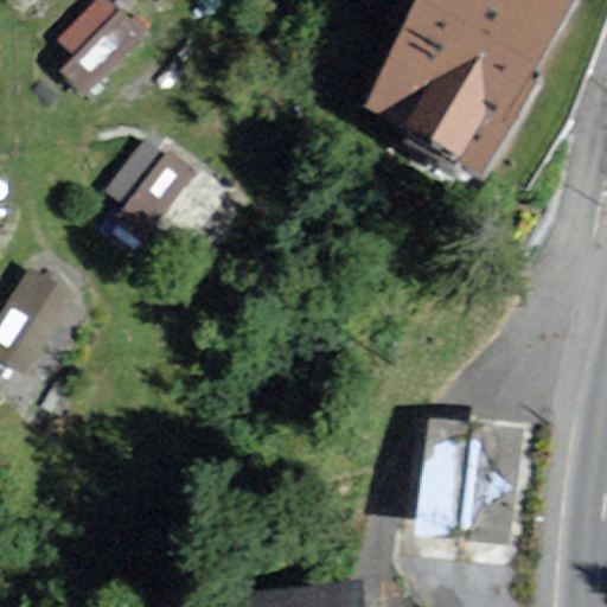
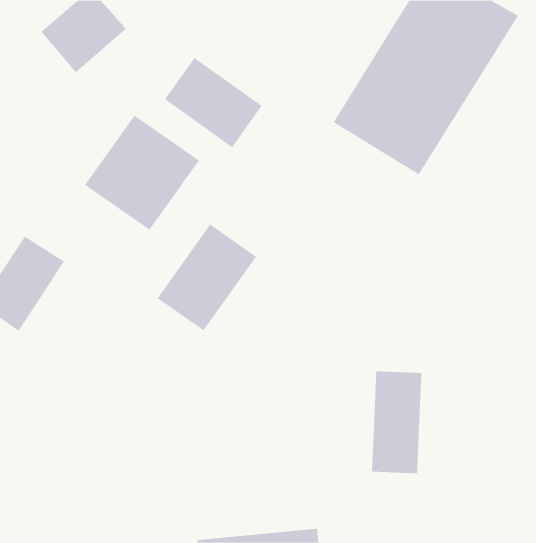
building: none -> [164,57,263,148]
building: none -> [157,224,257,331]

